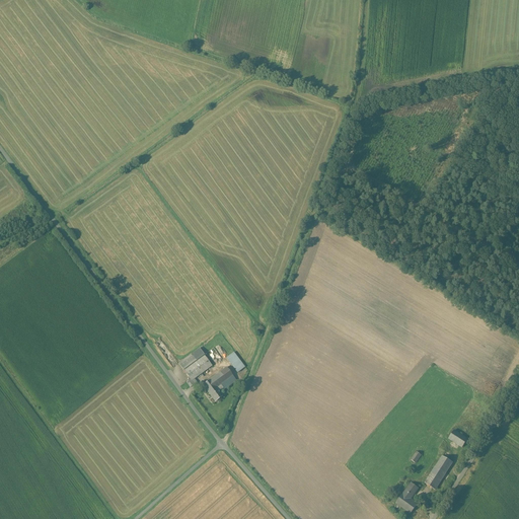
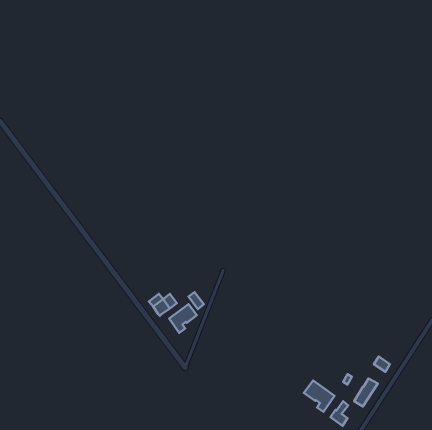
building: none -> [304,381,335,412]

